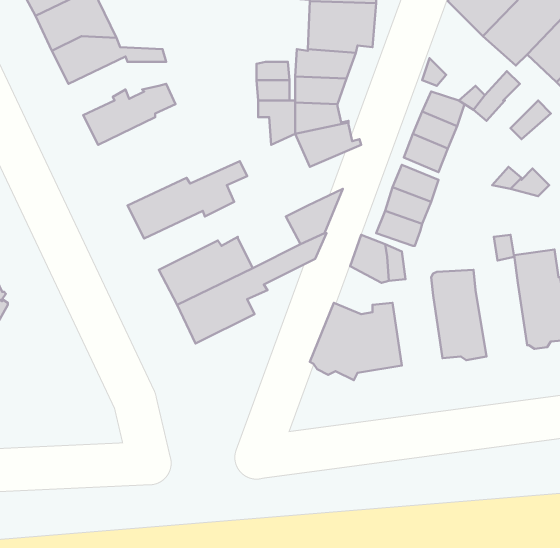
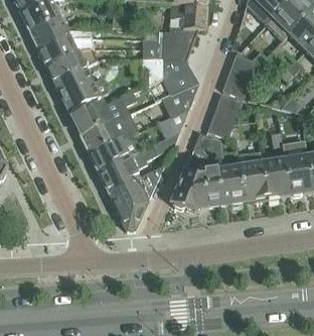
building: none -> [38,33,93,66]
building: none -> [54,67,107,110]
building: none -> [161,82,198,115]
building: none -> [80,113,137,150]
building: none -> [261,157,289,198]
building: none -> [108,163,164,229]
building: none -> [215,164,243,203]

